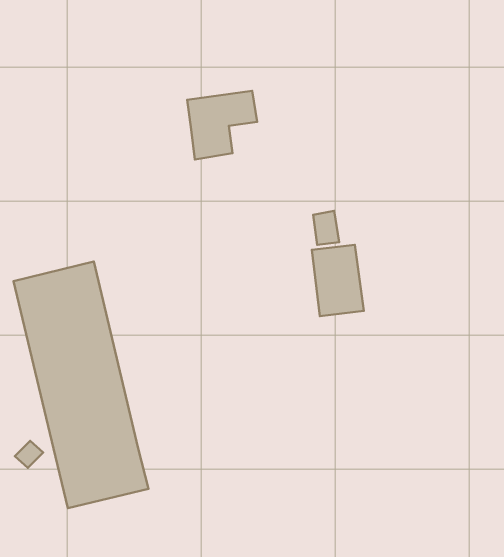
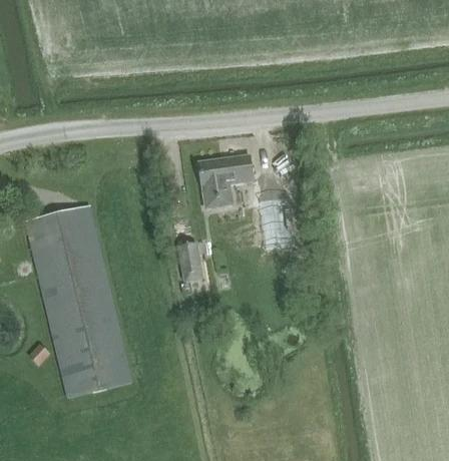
building: [187,91,257,159] -> [198,155,253,208]
building: none -> [176,242,202,282]

